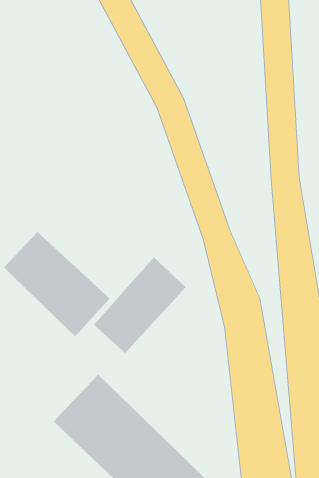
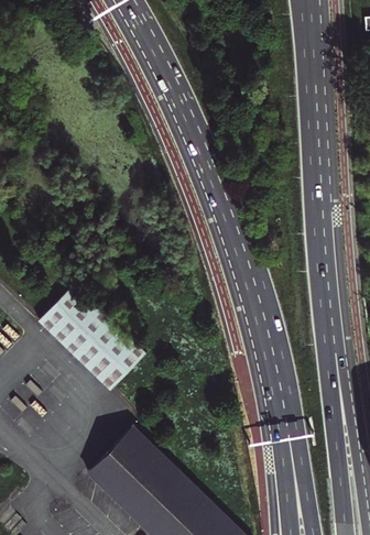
building: [93,257,187,354] -> none

